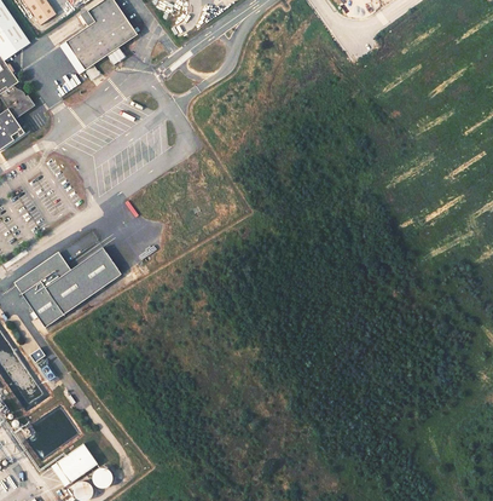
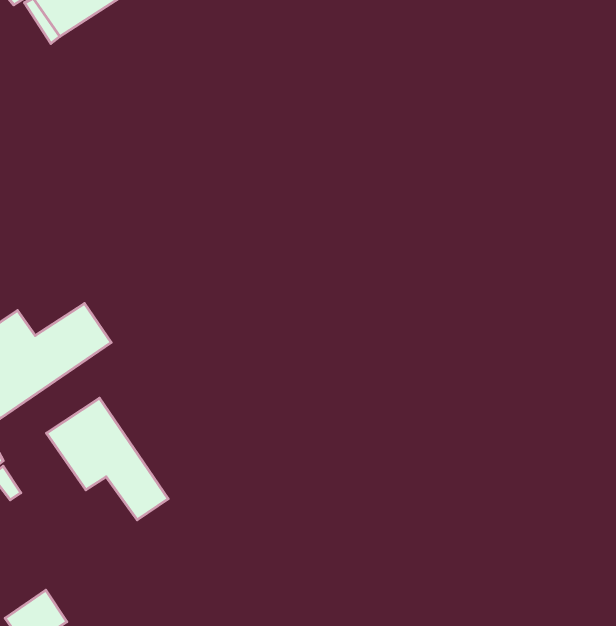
building: none -> [46,398,168,520]

